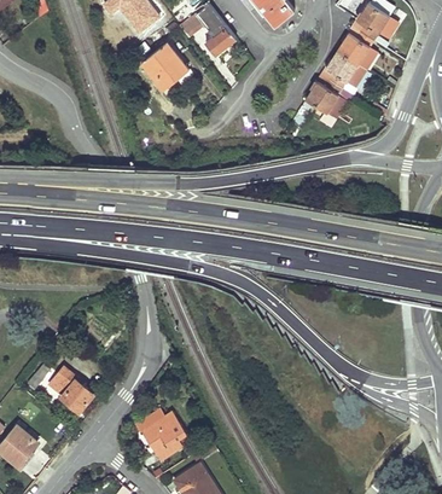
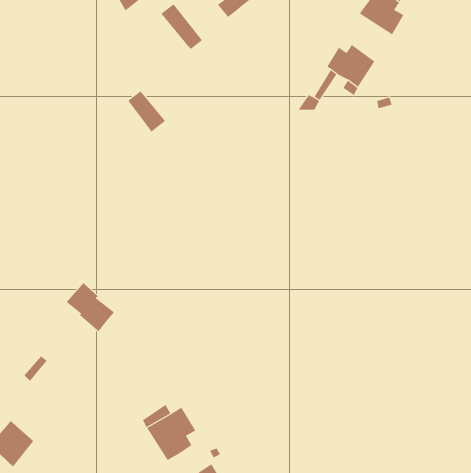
building: [141,52,176,91] -> [128,90,166,133]
building: [325,52,366,95] -> none
building: [48,366,93,412] -> [66,282,115,332]

